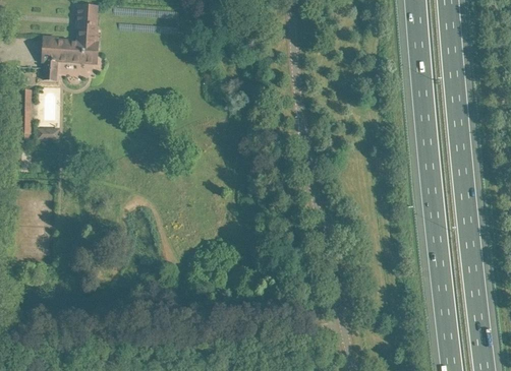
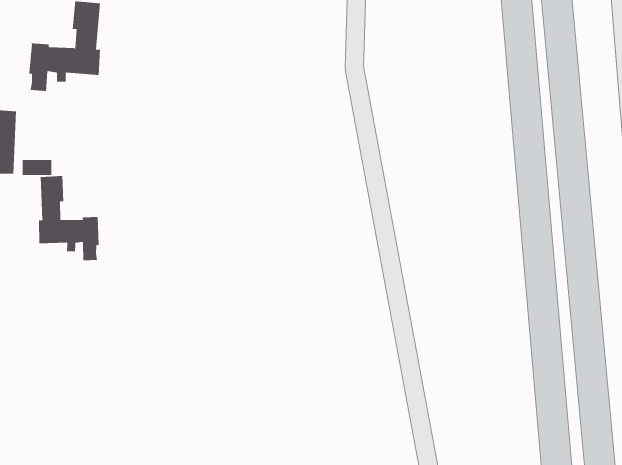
building: none -> [39,175,99,261]

